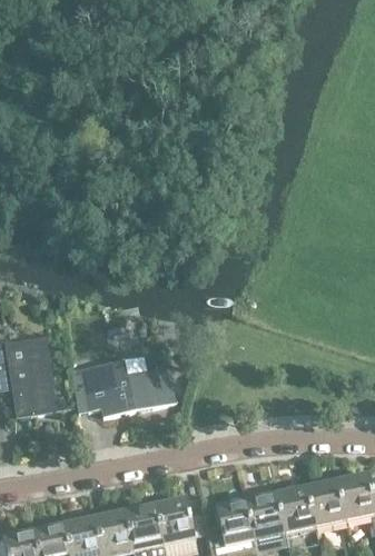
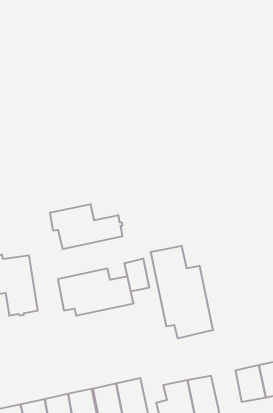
building: none -> [50,204,122,249]
building: none -> [151,246,213,338]
building: none -> [124,258,149,292]
building: [276,487,315,534] -> none

